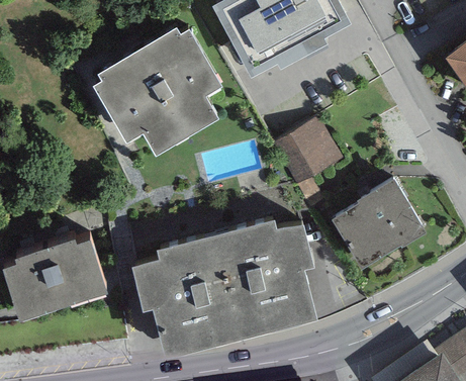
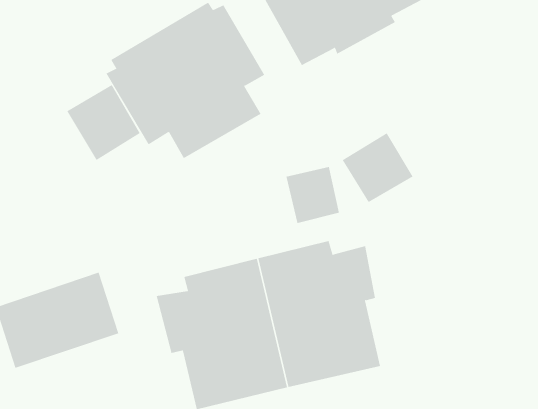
building: none -> [67,84,141,161]
building: none -> [286,166,340,224]
building: [334,180,428,269] -> none

